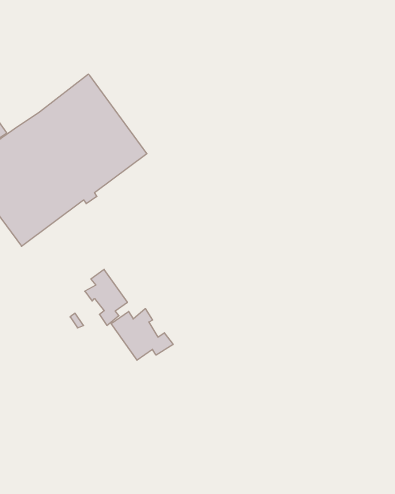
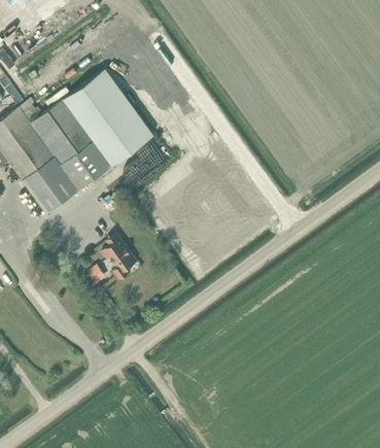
building: [111,309,173,360] -> none

